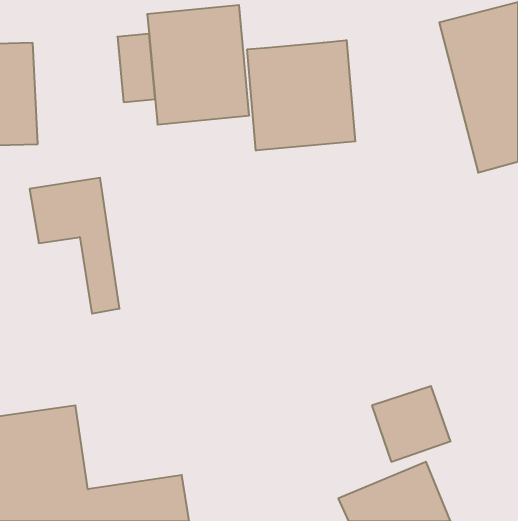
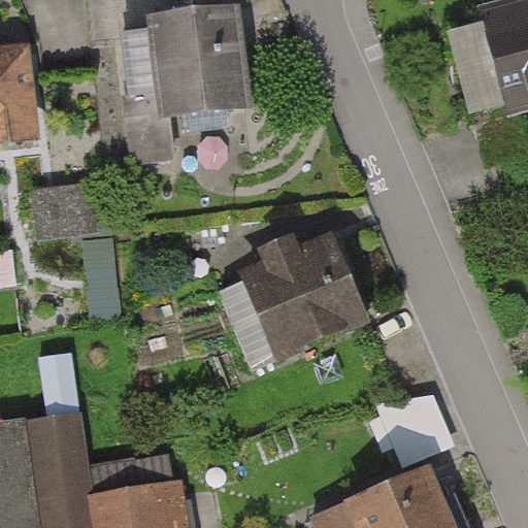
building: [247,40,355,151] -> none
building: none -> [235,234,371,362]

